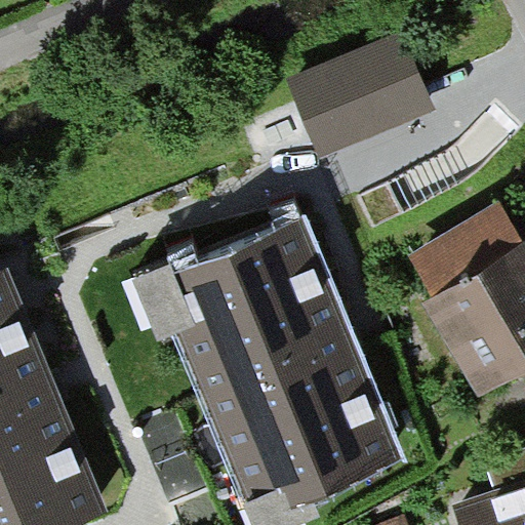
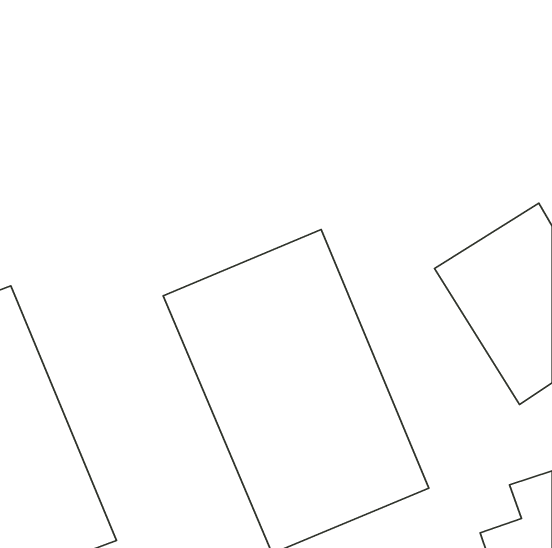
building: [285,33,428,155] -> none

